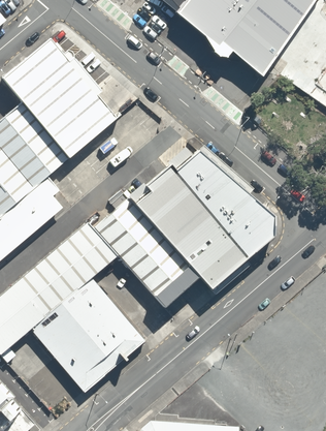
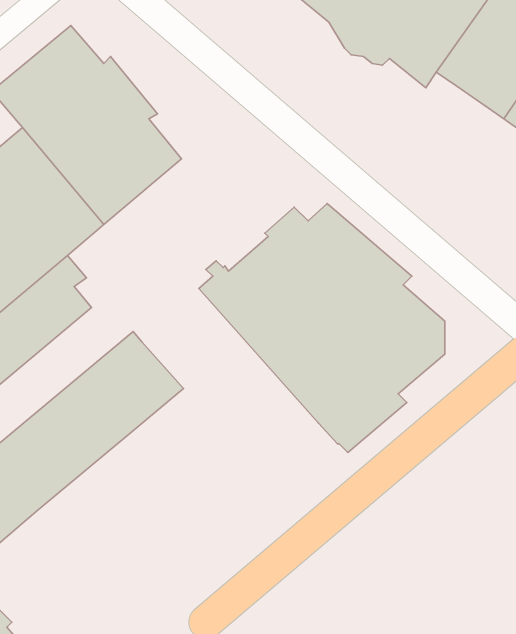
building: [93,190,198,307] -> none
building: [30,277,146,393] -> none

